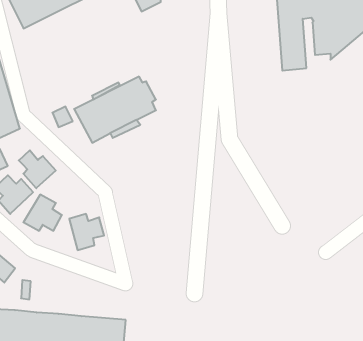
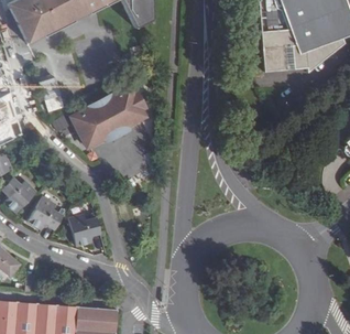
building: [19,150,56,188] -> none

